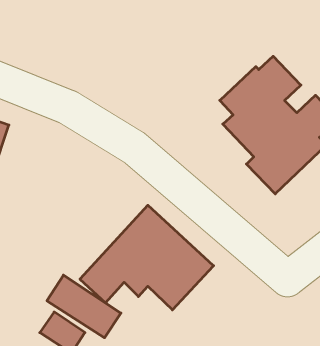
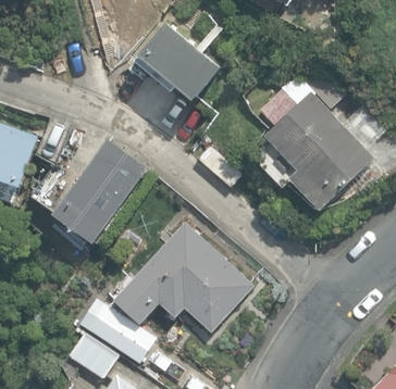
building: none -> [138,22,221,101]
building: none -> [50,138,146,246]

